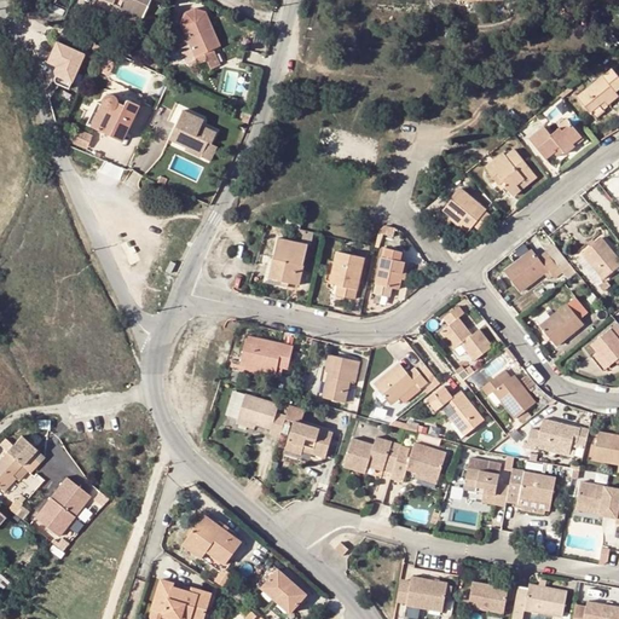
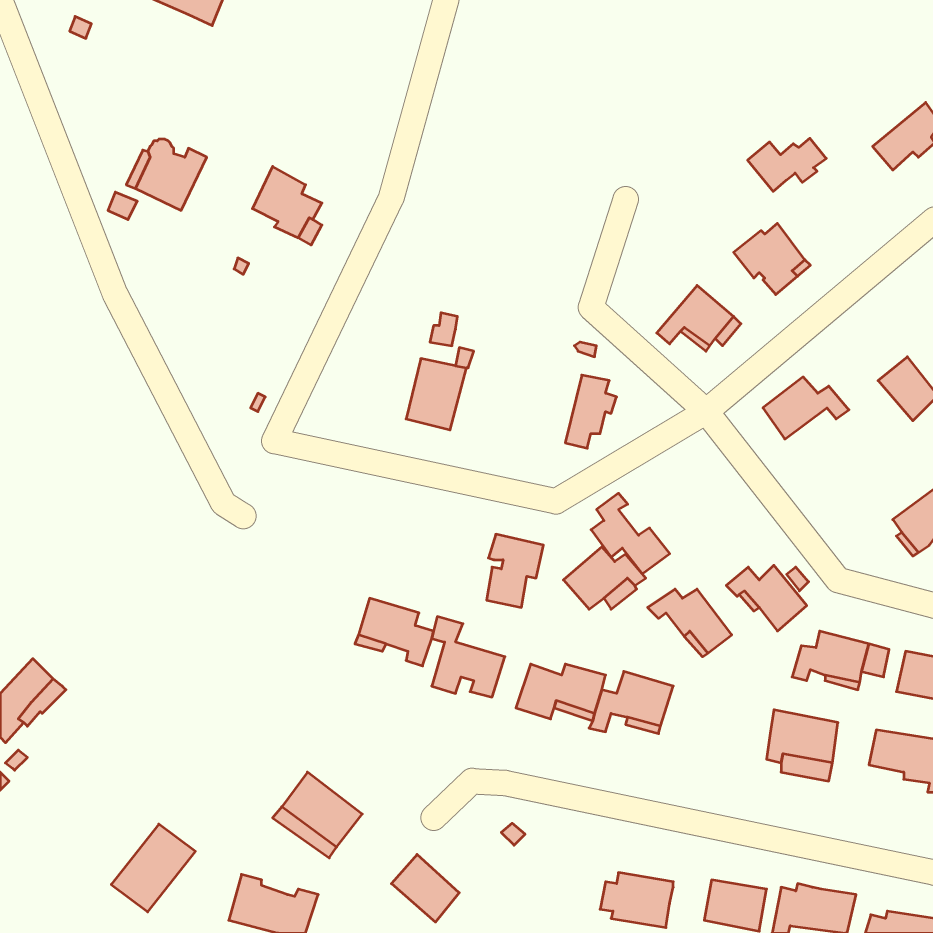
building: [177,7,220,69] -> none
building: [45,36,87,85] -> none
building: [530,123,582,158] -> [748,138,826,191]
building: [330,251,364,297] -> none
building: [539,296,588,345] -> none
building: [440,306,492,359] -> [591,493,670,574]
building: [239,334,294,372] -> none
building: [464,458,510,508] -> none
building: [35,478,91,536] -> [111,824,195,912]

